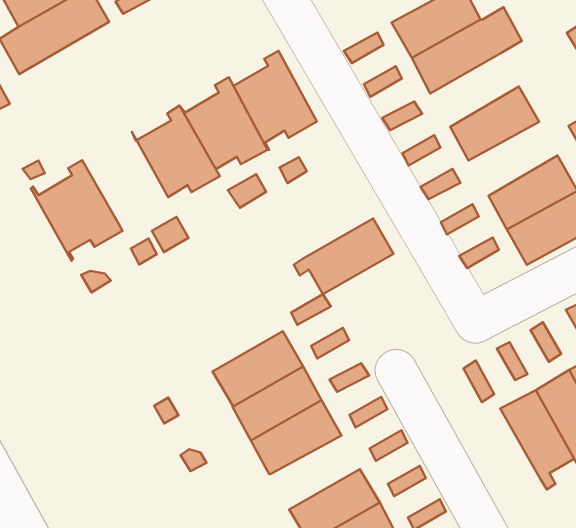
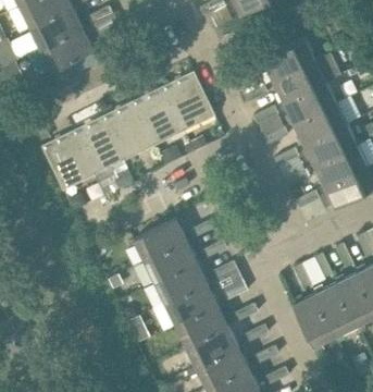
building: none -> [282,81,335,123]
building: none -> [302,123,356,166]
building: none -> [74,115,123,170]
building: [294,219,393,294] -> [126,218,186,261]
building: none -> [291,293,335,353]
building: none -> [174,304,227,346]

